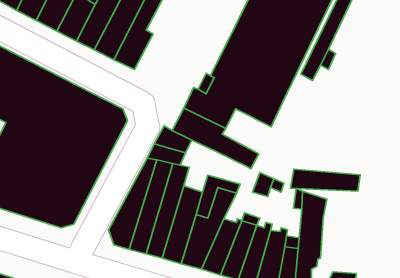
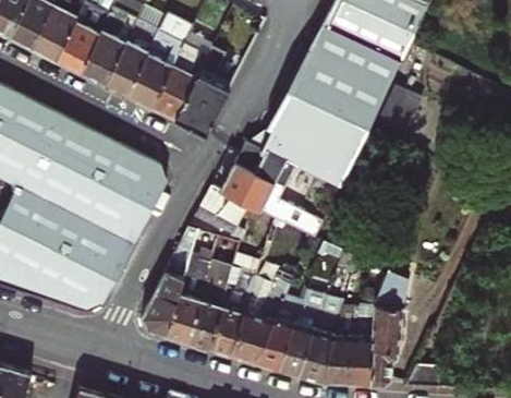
building: none -> [173,47,228,134]
building: [291,169,360,191] -> none

